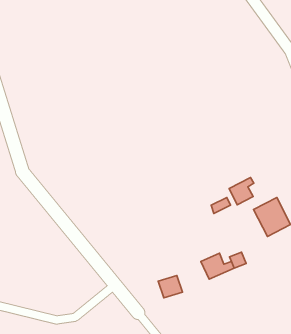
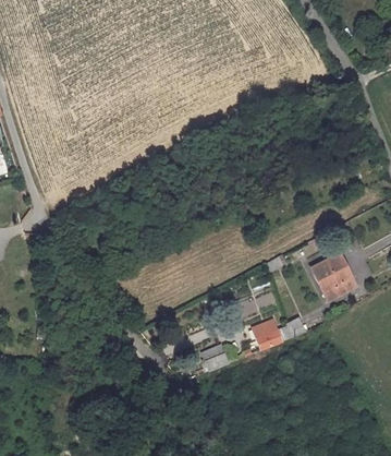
building: [229,177,254,205] -> none

